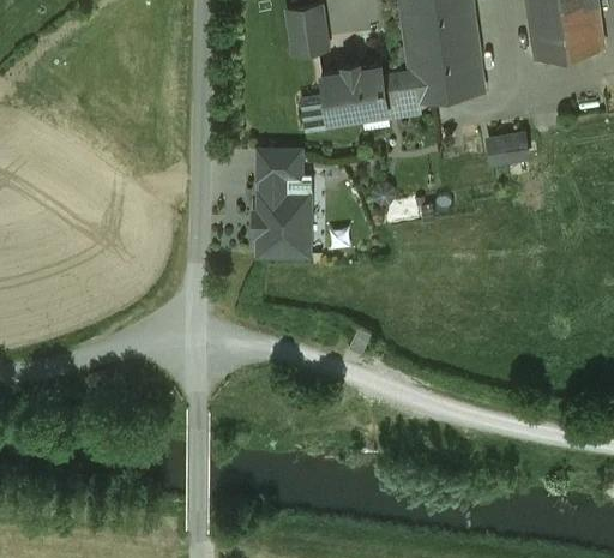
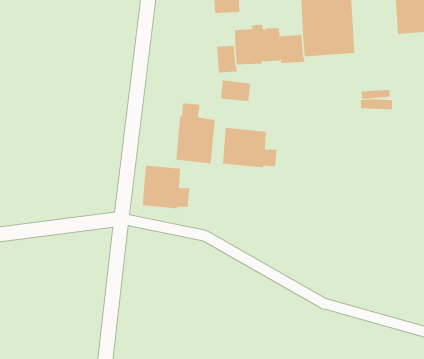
building: [260,151,299,176] -> [220,80,251,102]
building: none -> [222,116,277,168]
building: none -> [142,153,190,209]

